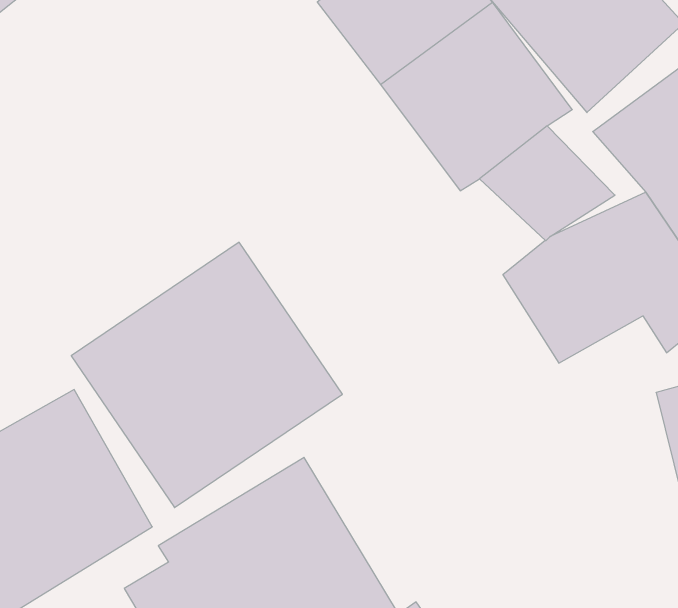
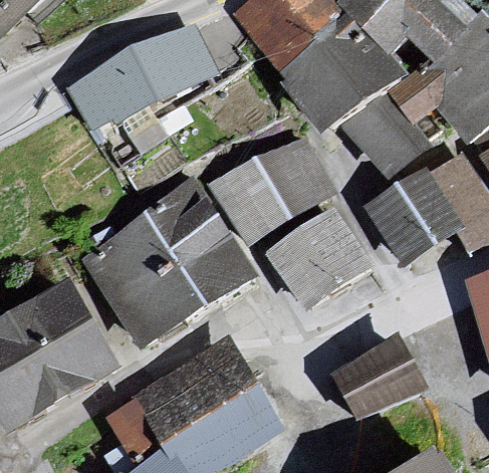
building: none -> [70,28,220,136]
building: none -> [211,136,333,244]
building: none -> [262,201,382,317]
building: none -> [329,329,430,419]

